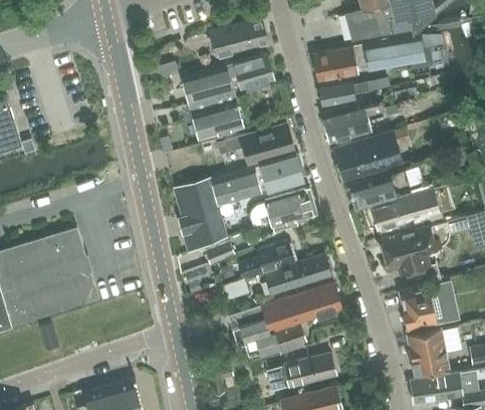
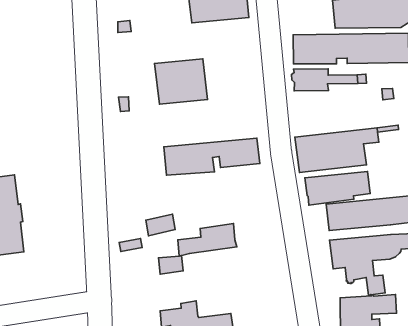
building: [181,55,273,104] -> none
building: [320,102,401,144] -> none
building: [216,125,294,166] -> none
building: [173,177,226,253] -> none
building: [265,190,316,232] -> none
building: [264,254,331,295] -> none
building: [228,284,341,334] -> none

